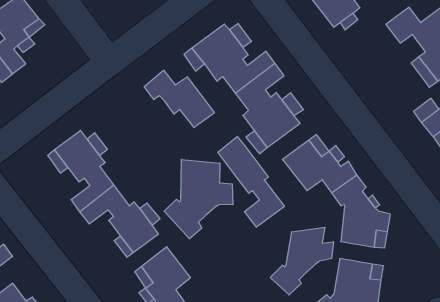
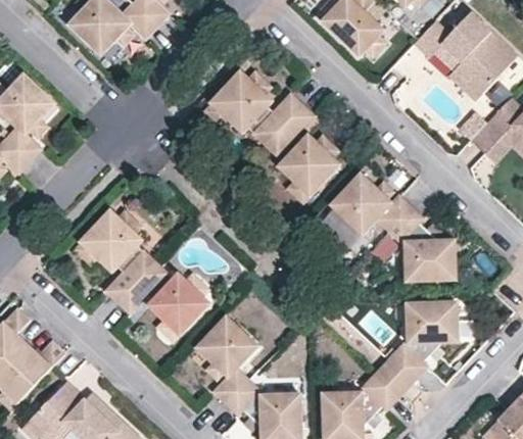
building: [144,70,214,128] -> none
building: [218,136,284,227] -> none
building: [164,159,233,239] -> none
building: [270,227,333,295] -> none

